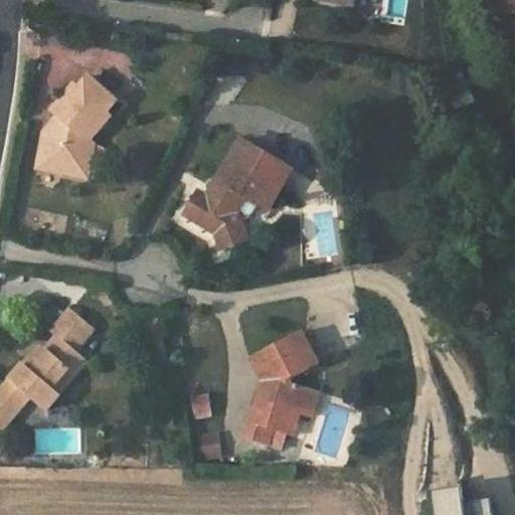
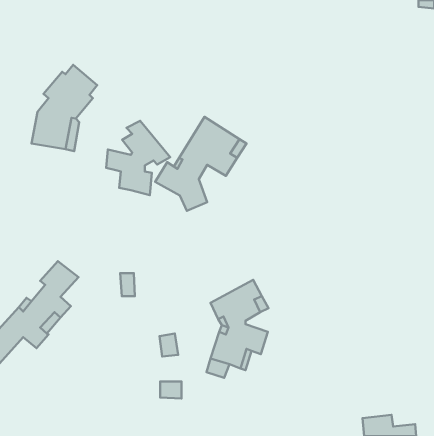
building: none -> [106,121,170,195]

